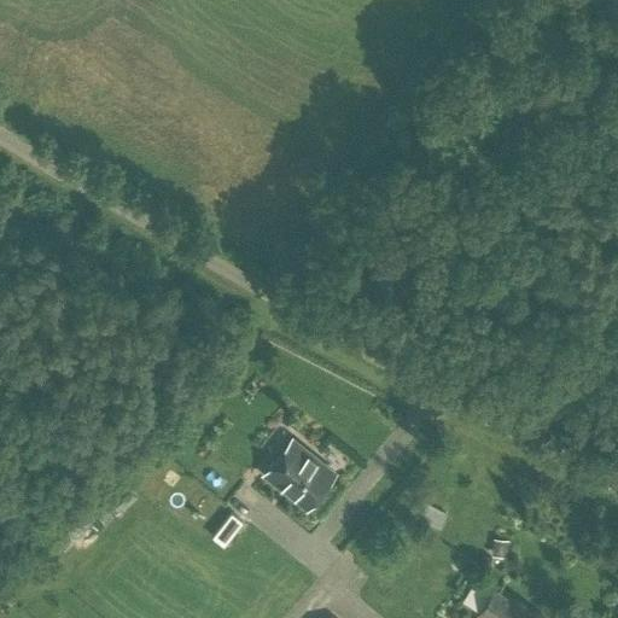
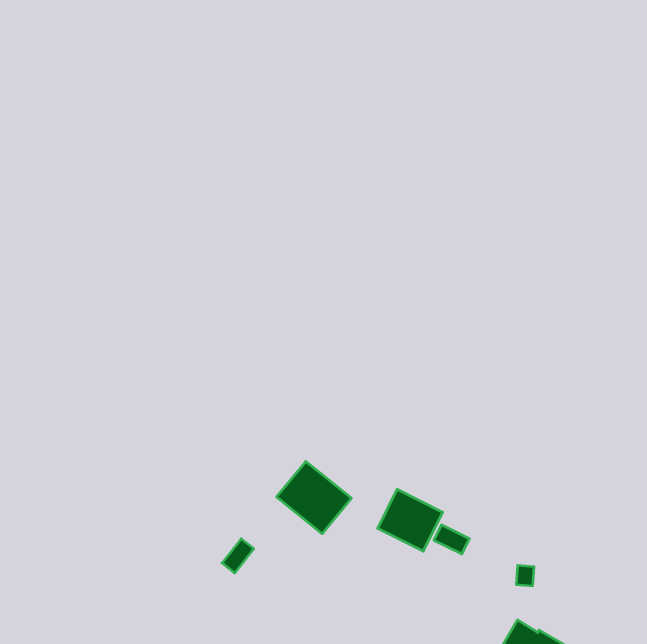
building: none -> [378,489,443,551]

